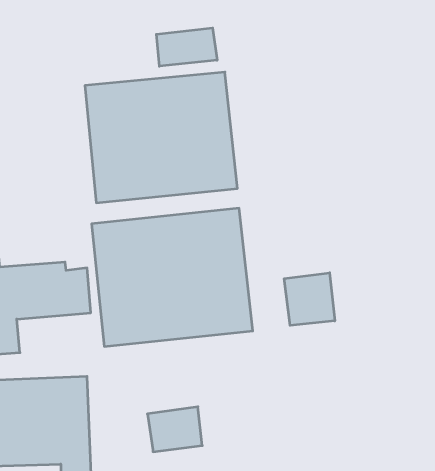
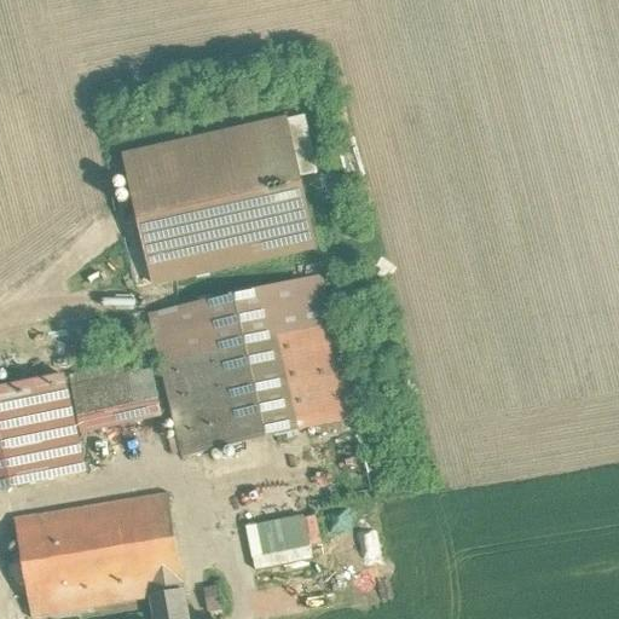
building: [156,28,217,66] -> none
building: [284,273,335,325] -> none

